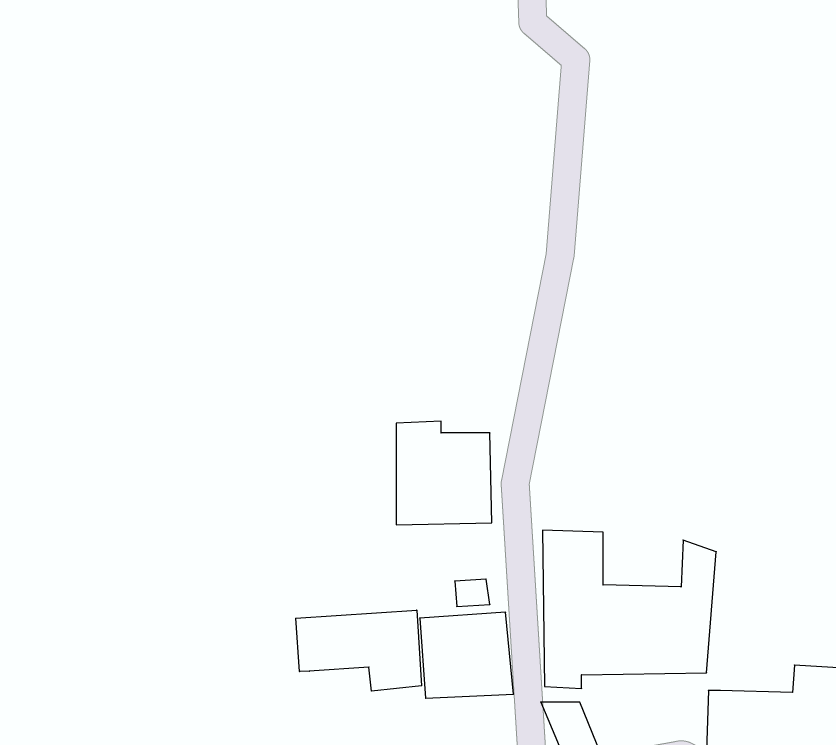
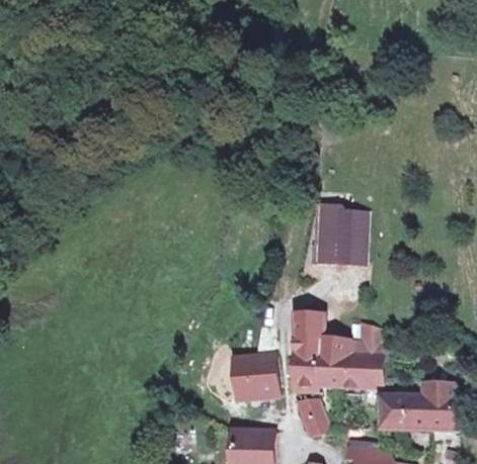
building: [396,421,492,525] -> [314,209,364,263]
building: [296,610,422,691] -> none

